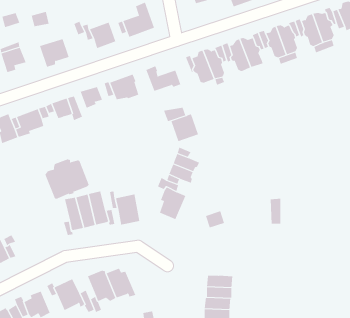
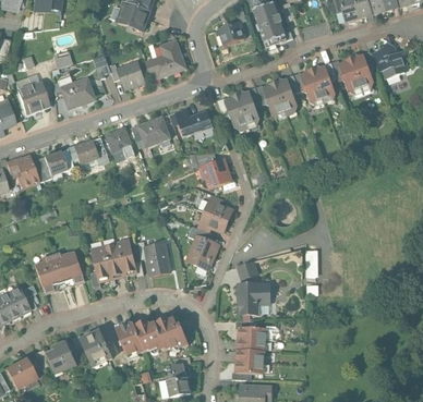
building: [45,159,90,199] -> [37,251,84,293]
building: none -> [238,282,269,314]
building: none -> [154,317,189,350]

